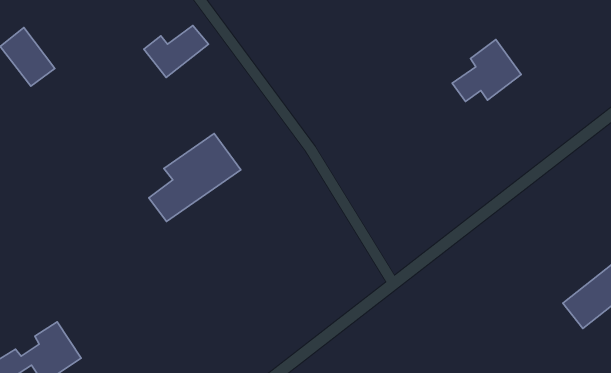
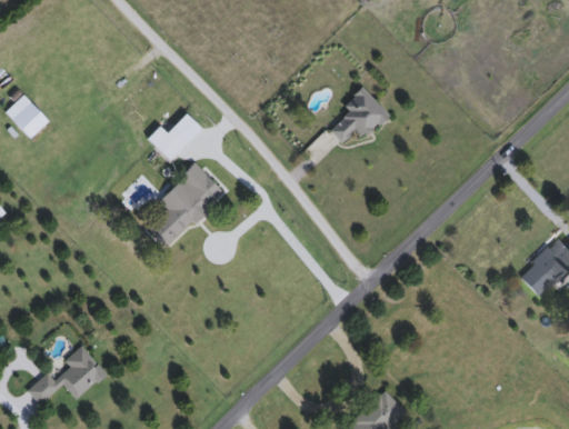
building: [144,25,209,78] -> [147,113,202,161]
building: [452,39,521,101] -> [329,87,388,143]

